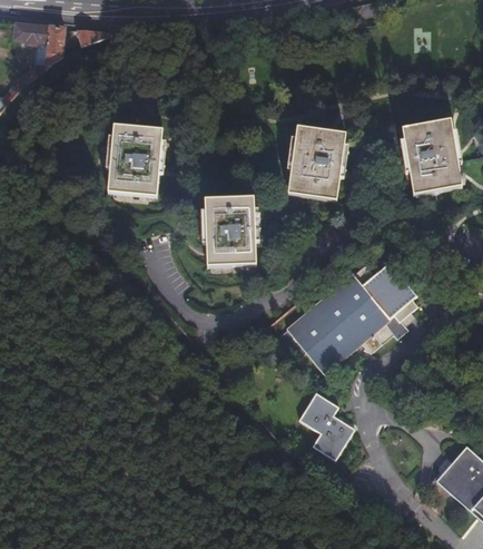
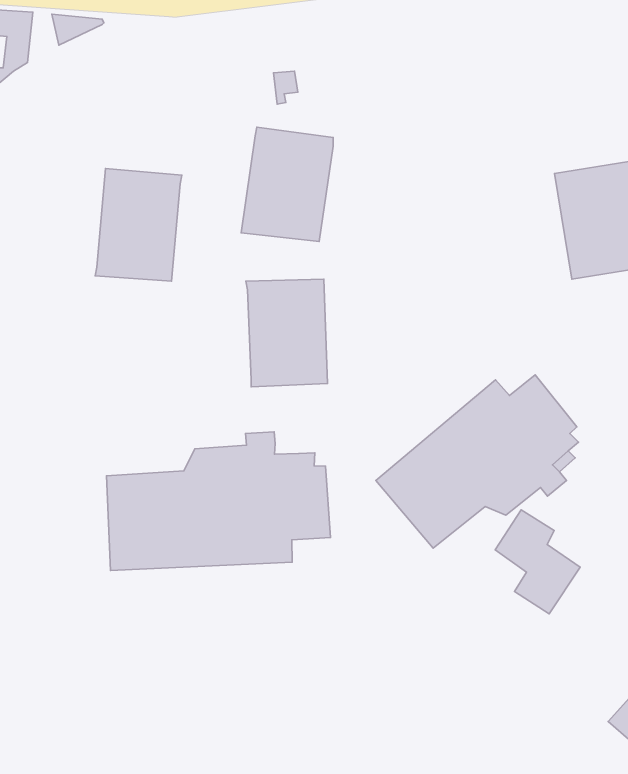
building: [287,126,346,199] -> [241,127,333,241]
building: none -> [106,432,331,571]
building: [299,391,354,458] -> [495,510,580,614]

